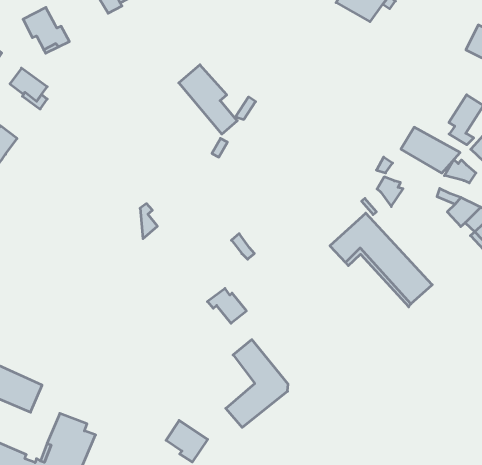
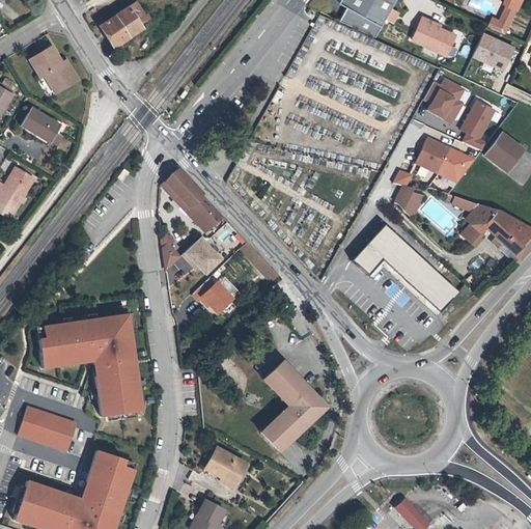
building: none -> [412,16,453,55]
building: [179,65,237,134] -> [163,168,224,235]
building: none -> [424,78,465,122]
building: [444,159,476,183] -> none
building: none -> [181,234,224,276]
building: none -> [38,313,142,416]
building: [207,288,246,323] -> [192,278,231,312]

